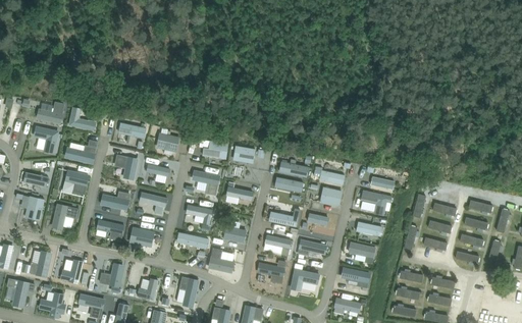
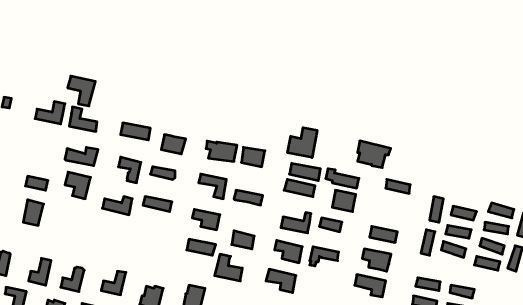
building: [33,125,59,154] -> [68,76,95,106]
building: none -> [288,128,317,158]
building: [360,190,392,215] -> [358,141,391,168]
building: [51,204,80,229] -> none
building: [96,219,124,241] -> none
building: [128,226,154,248] -> none
building: [290,268,319,291] -> none

